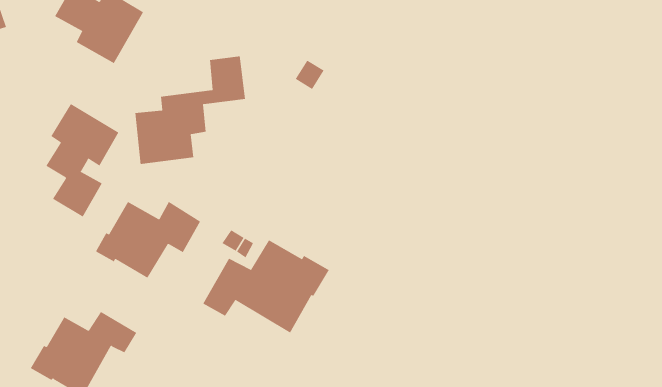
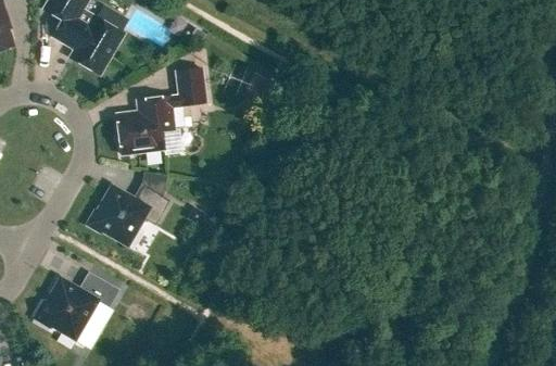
building: [45,103,119,217] -> none
building: [203,239,329,333] -> none

